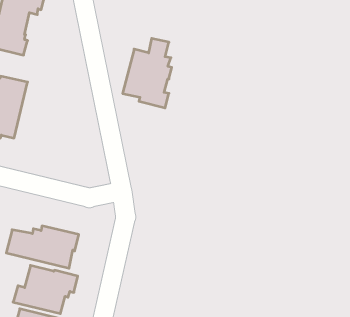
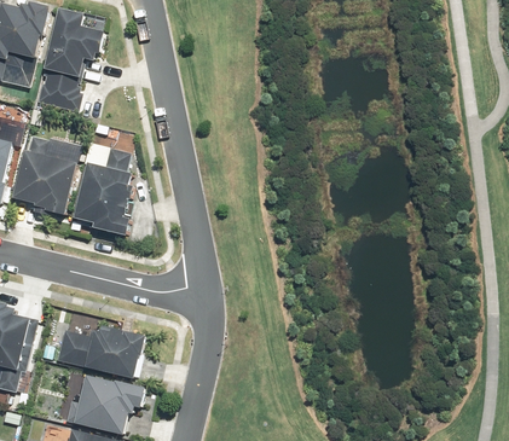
building: [123,38,172,108] -> [71,149,133,236]

